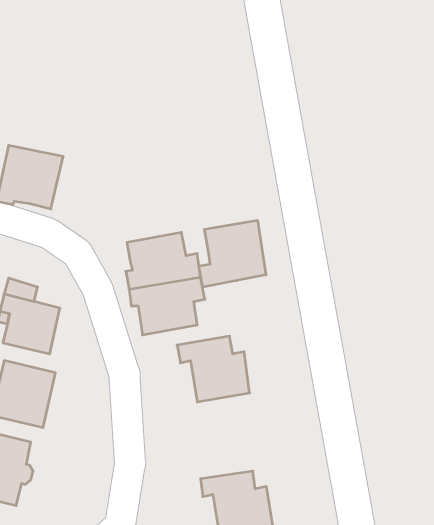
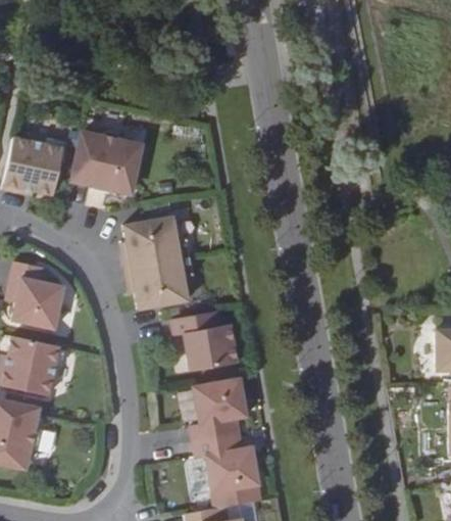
building: none -> [74,134,144,195]
building: [199,220,266,287] -> none
building: none -> [189,383,247,445]

